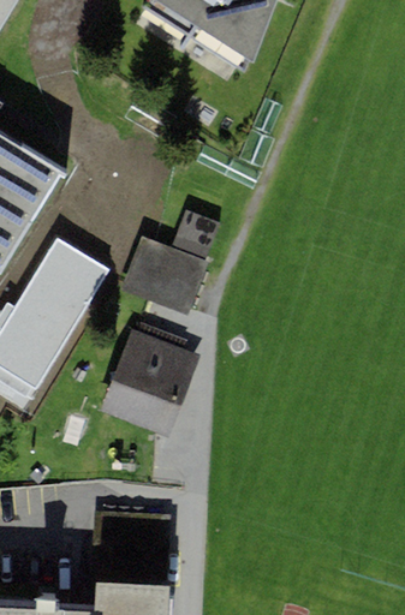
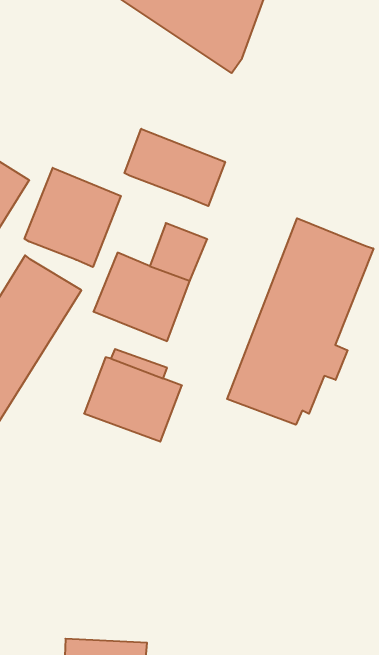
building: none -> [124,129,225,206]
building: none -> [25,168,121,267]
building: none -> [227,218,373,425]

